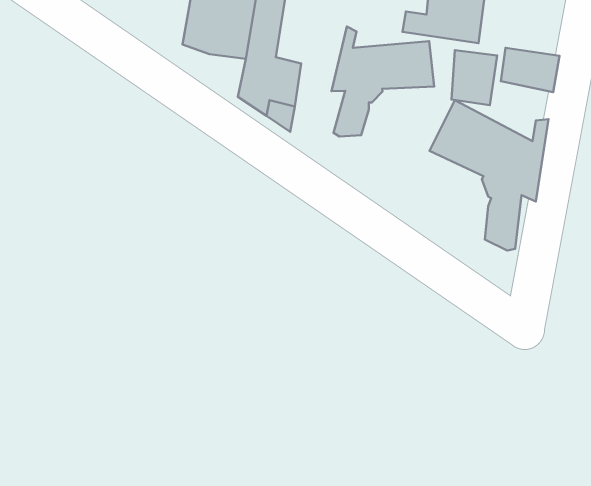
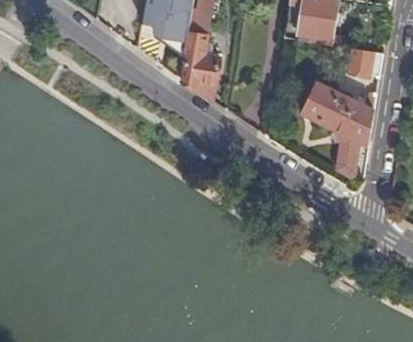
building: [331,26,434,136] -> none
building: [451,50,497,105] -> none

